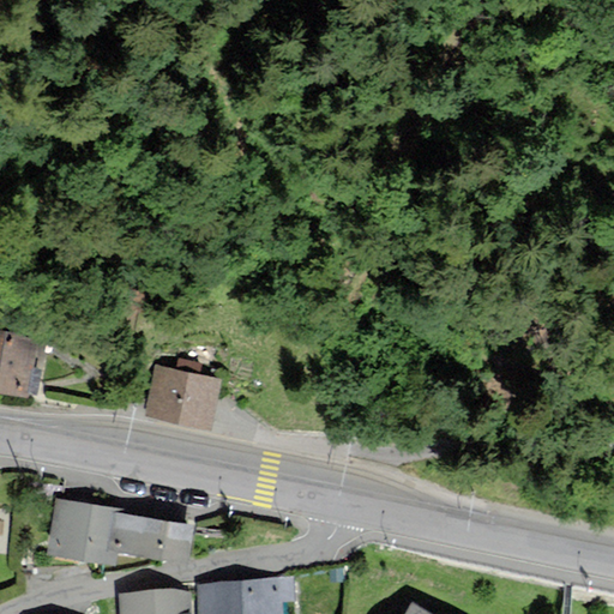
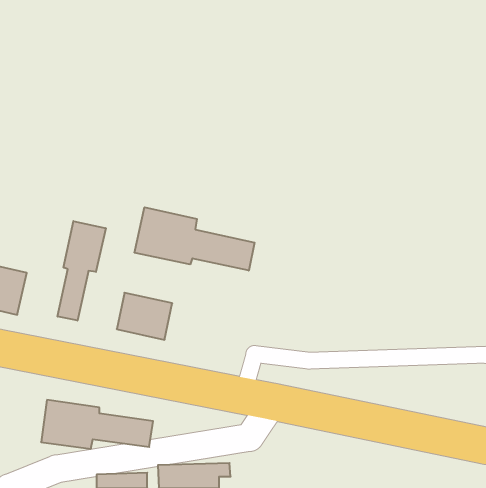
building: none -> [135,207,255,271]
building: none -> [58,221,106,321]

